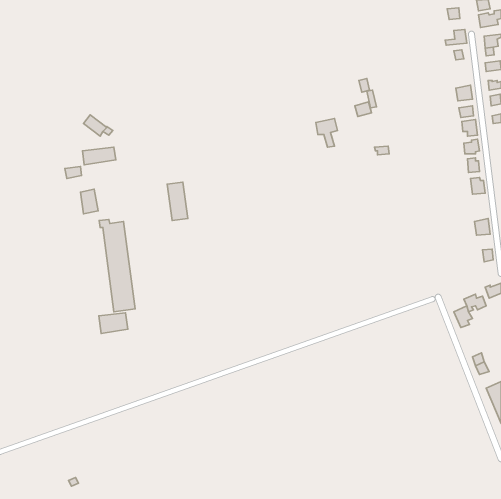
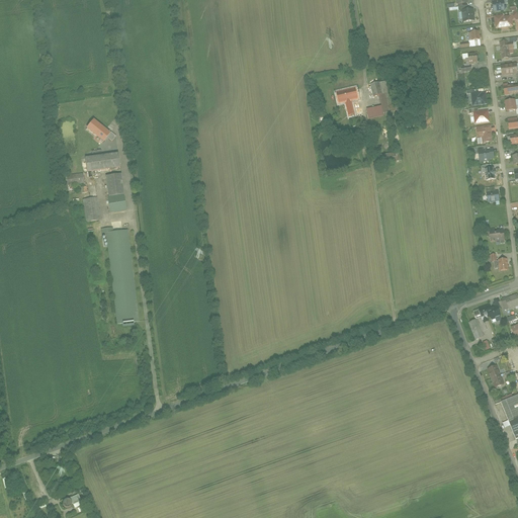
building: [316,119,337,147] -> [337,87,359,116]
building: [167,182,188,220] -> [105,172,126,211]
building: [99,313,128,334] -> none

